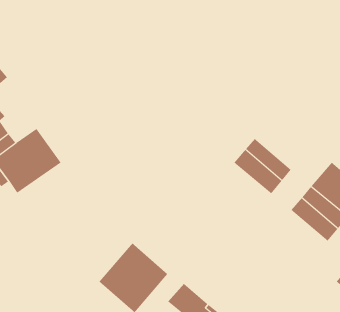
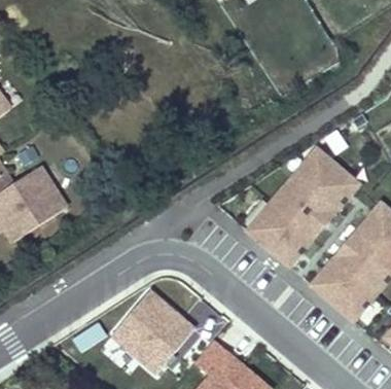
building: none -> [292,146,358,210]
building: none -> [246,202,312,264]
building: none -> [310,255,376,319]

